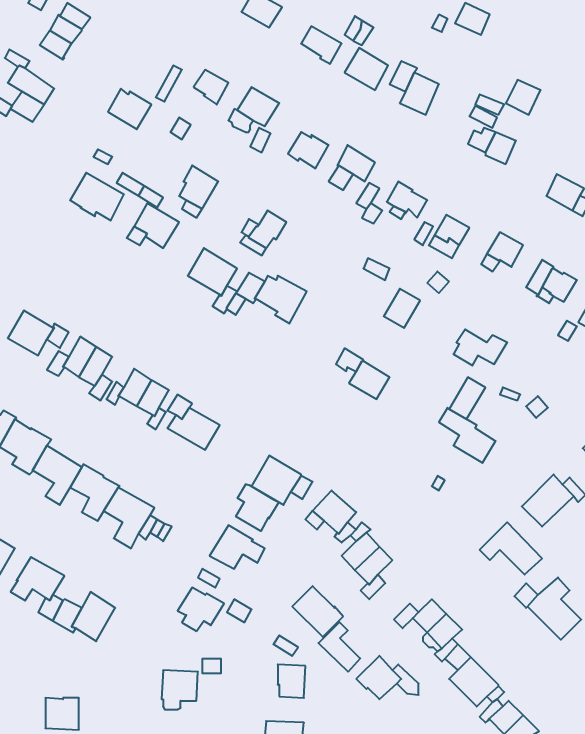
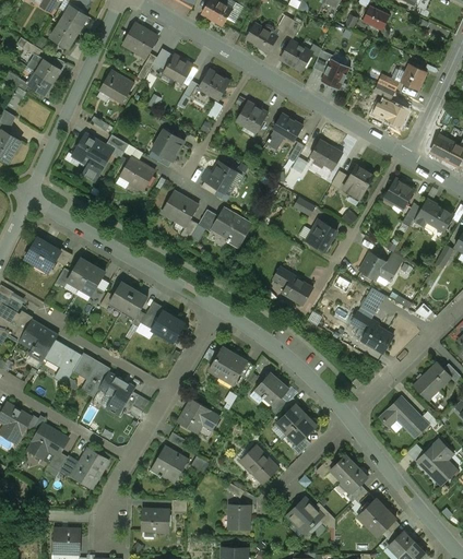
building: none -> [122,24,157,55]
building: [236,484,279,531] -> none
building: [318,622,360,672] -> none

